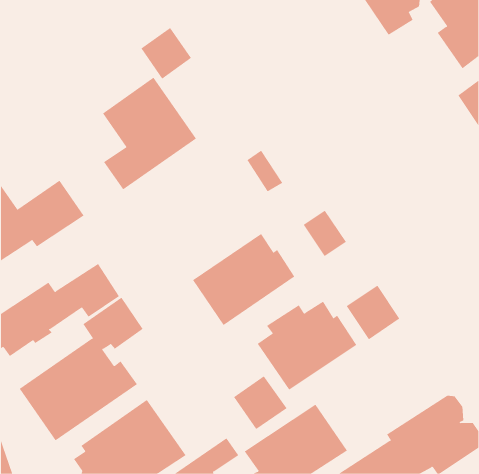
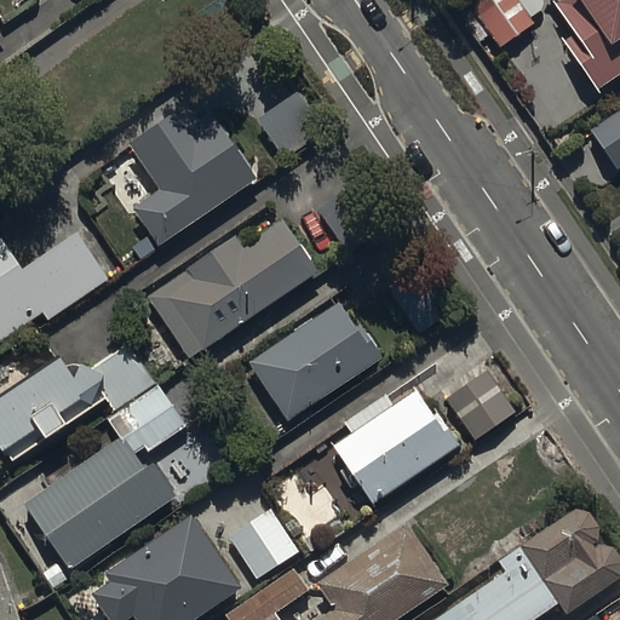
building: [140,27,192,79] -> [258,91,325,159]
building: none -> [147,220,317,358]
building: [233,376,288,430] -> [229,506,299,576]

